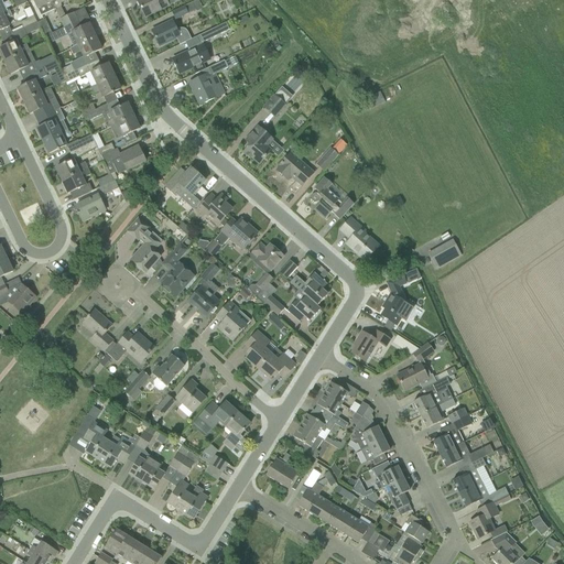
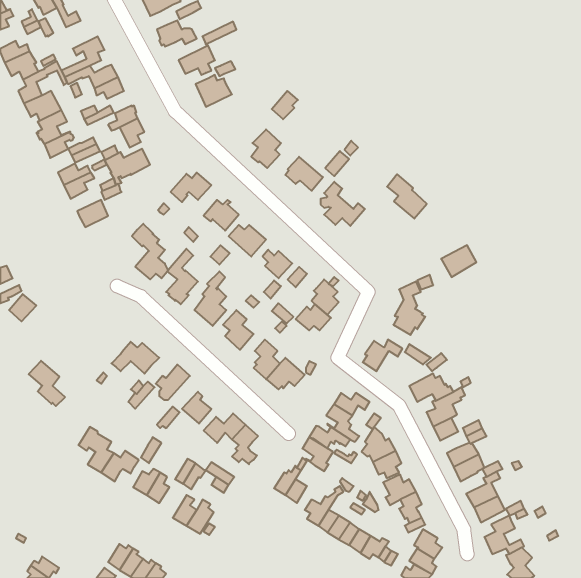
building: [64,20,95,47] -> none
building: [339,217,378,260] -> [387,174,427,219]
building: [82,308,117,352] -> [29,361,65,406]

